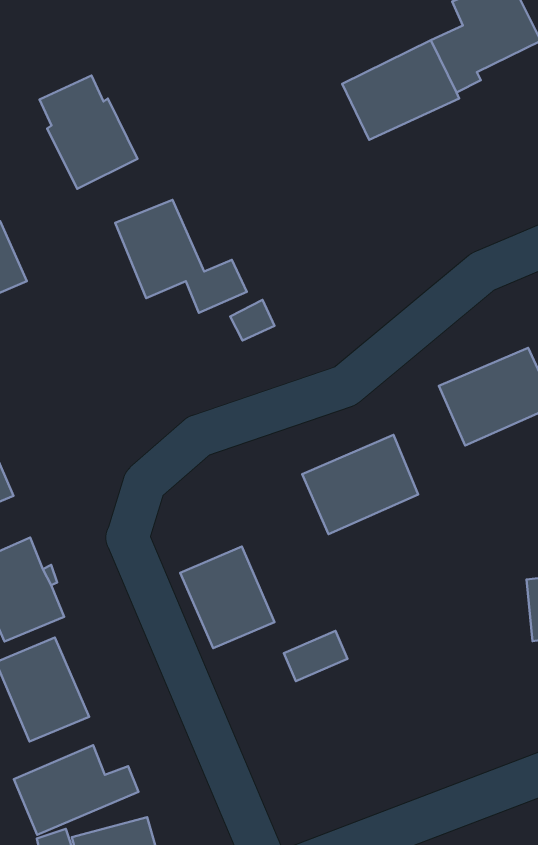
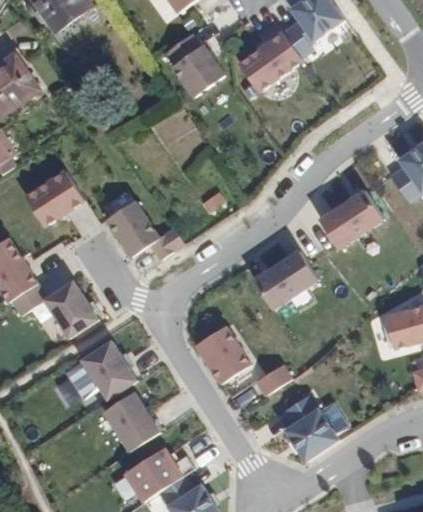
building: [39,76,138,189] -> [165,34,224,97]
building: [115,200,247,313] -> [113,202,191,261]
building: none -> [281,394,338,461]

